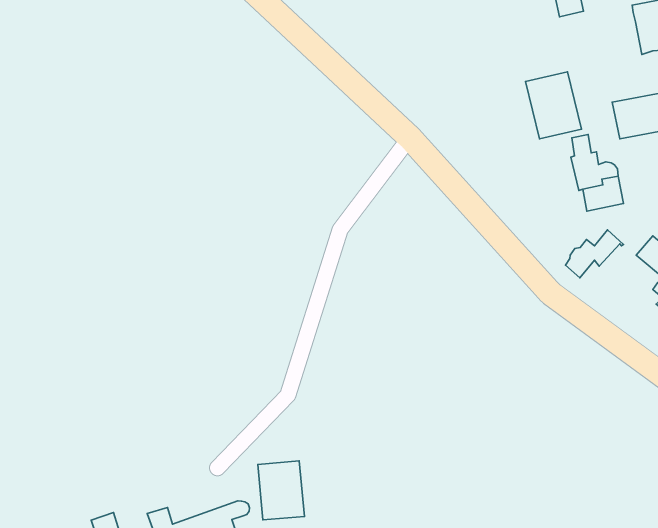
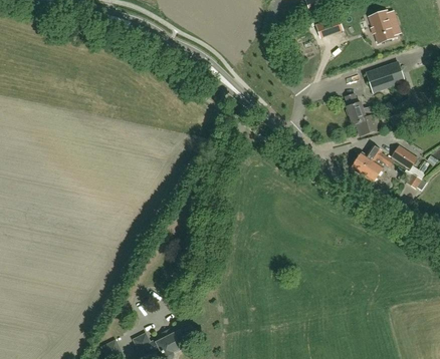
building: [526,72,581,139] -> none
building: none -> [360,151,393,182]
building: [258,461,305,520] -> none

